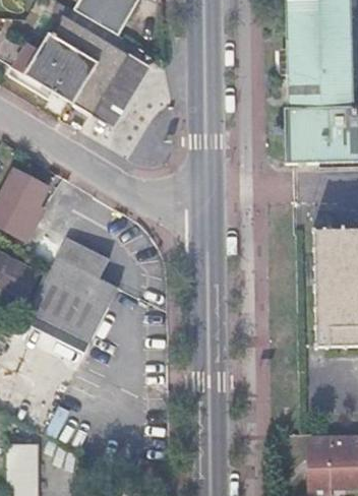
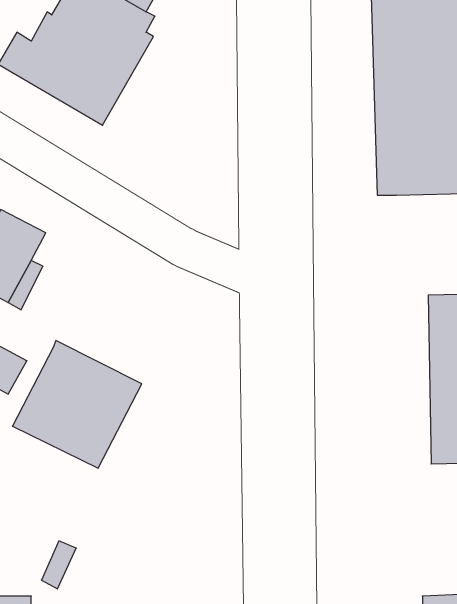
building: [88,49,150,126] -> none
building: [56,236,119,292] -> none

